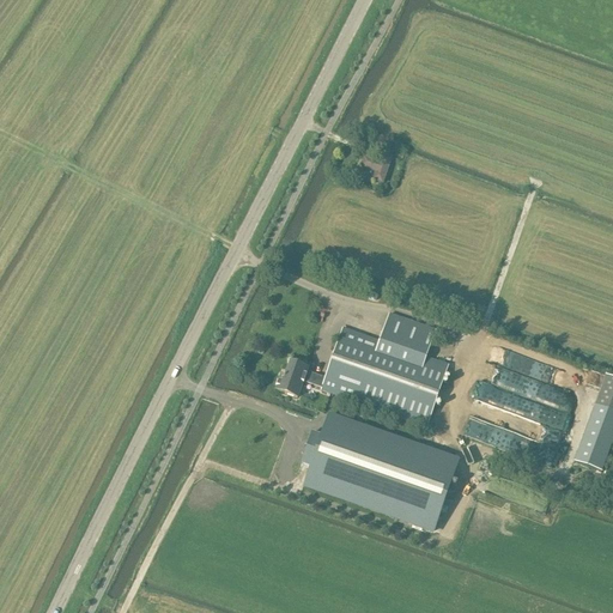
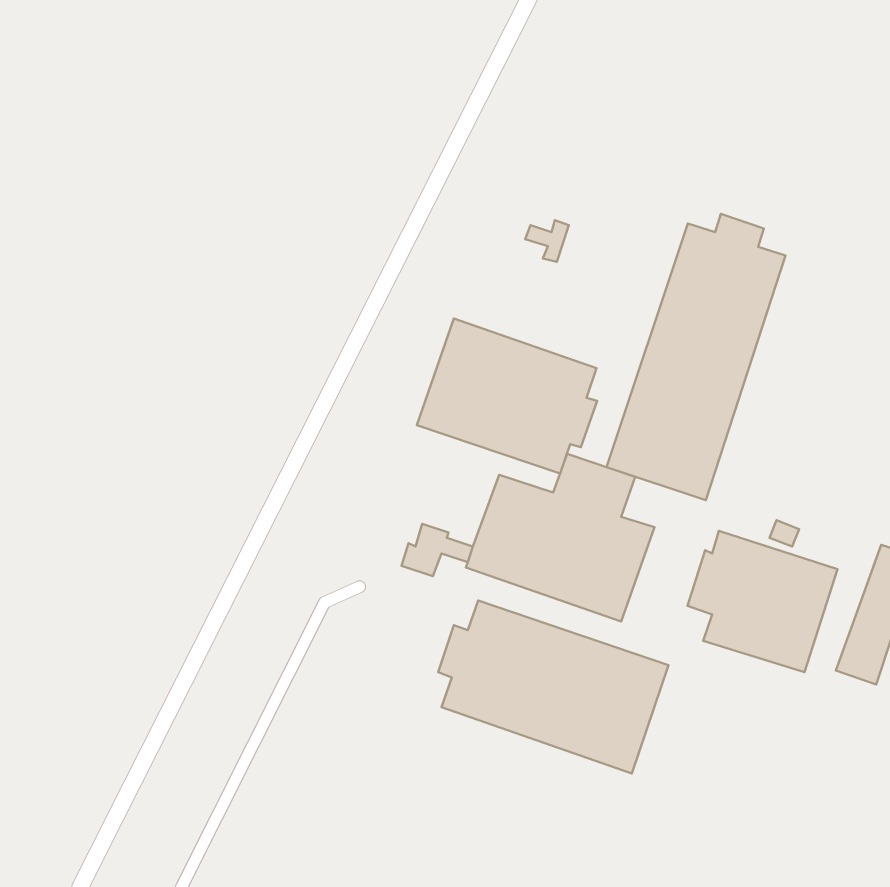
building: none -> [607,214,786,500]
building: none -> [417,319,597,474]

